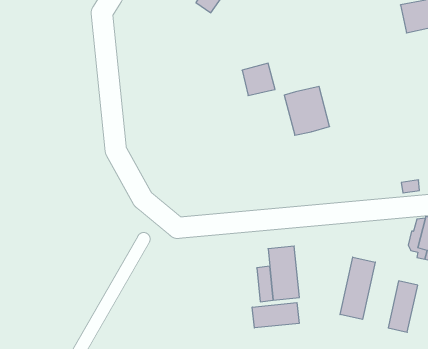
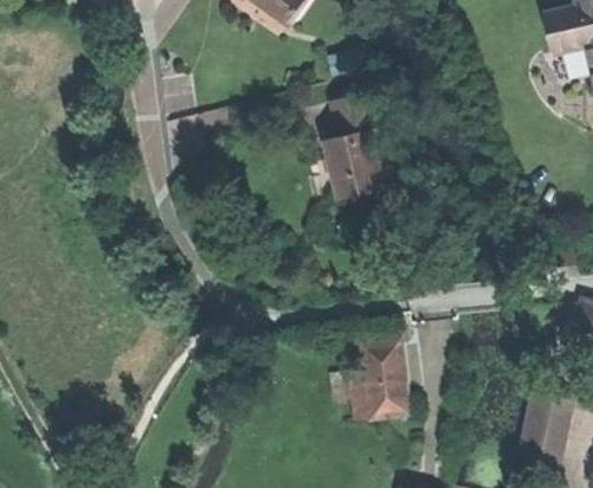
building: [284,86,330,135] -> [324,130,386,197]
building: [340,257,375,319] -> none
building: [252,303,299,328] -> none

